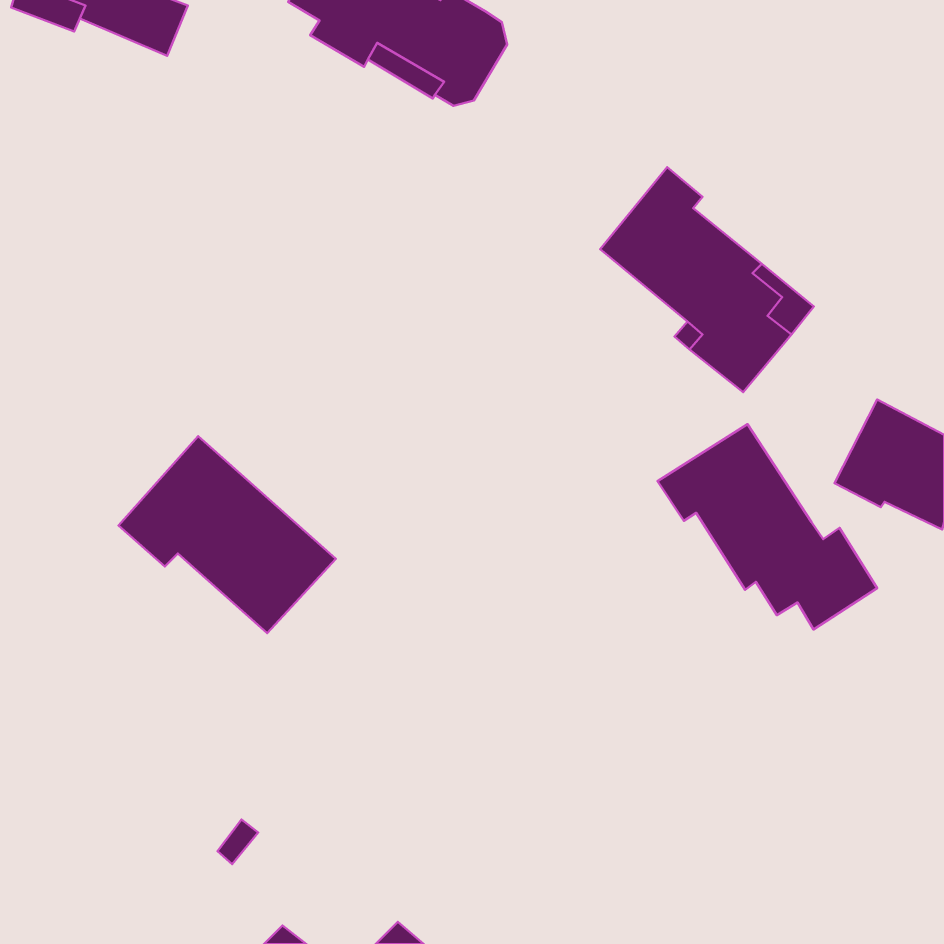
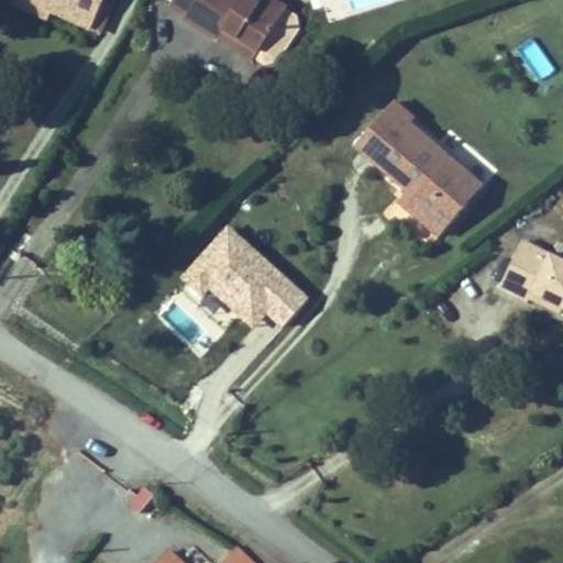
building: [658,424,877,629] -> none
building: [118,436,336,633] -> [180,223,309,340]

